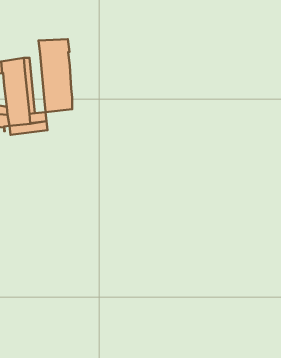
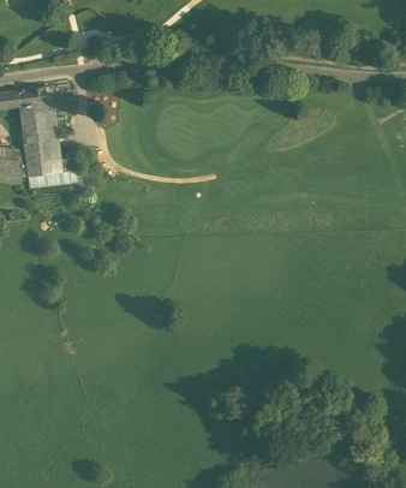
building: [38,39,72,112] -> none

